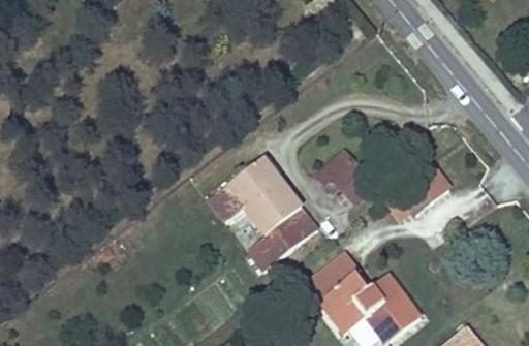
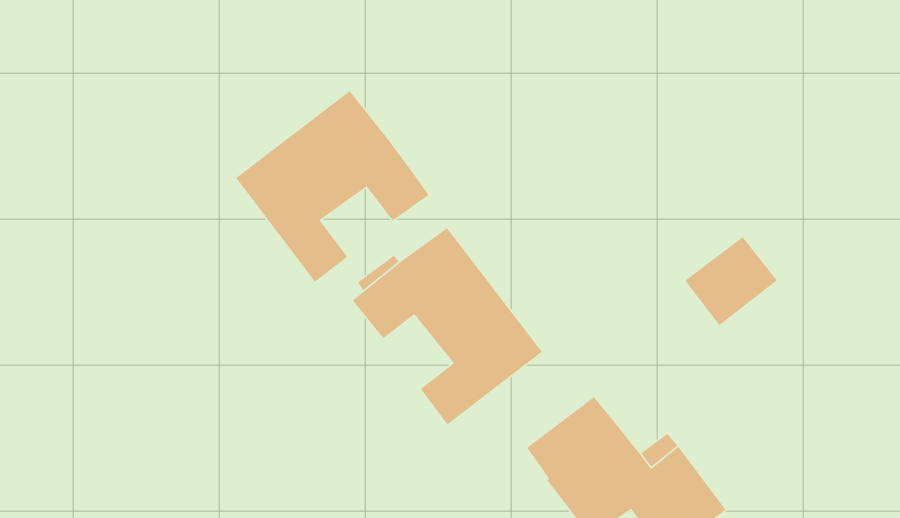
building: none -> [235,90,430,283]
building: [318,151,373,205] -> none

